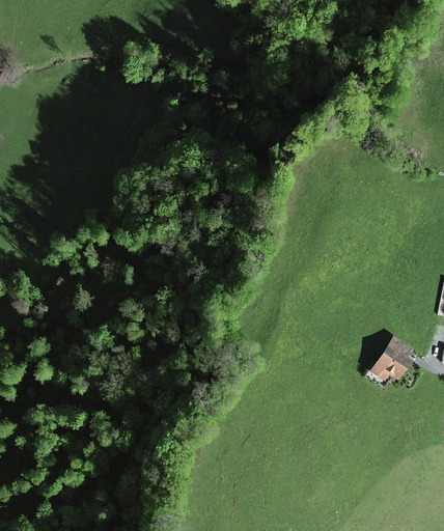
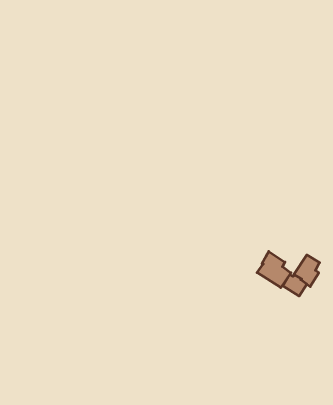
building: none -> [257,251,291,288]

